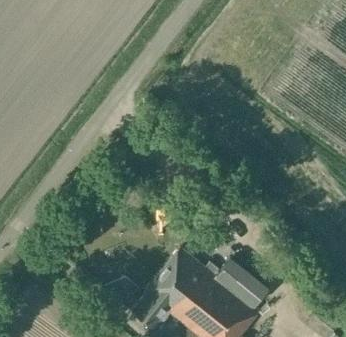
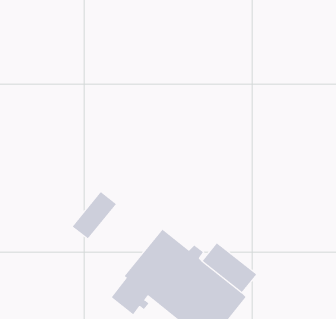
building: none -> [72,191,117,239]

